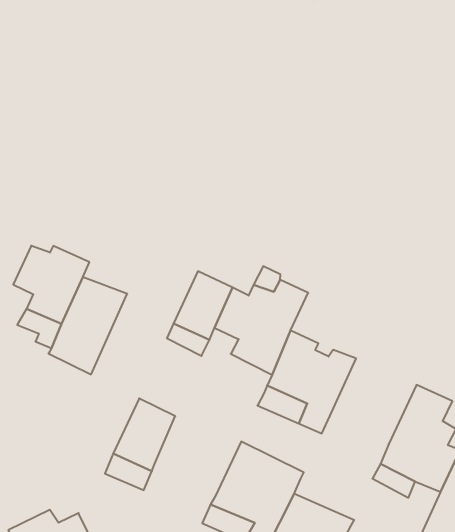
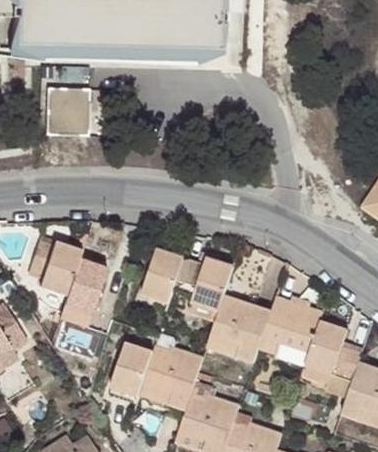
building: none -> [42,84,89,133]
building: none -> [264,296,328,366]
building: none -> [139,350,205,413]

